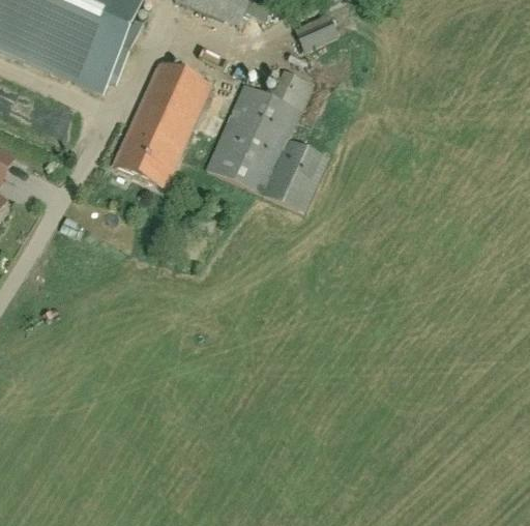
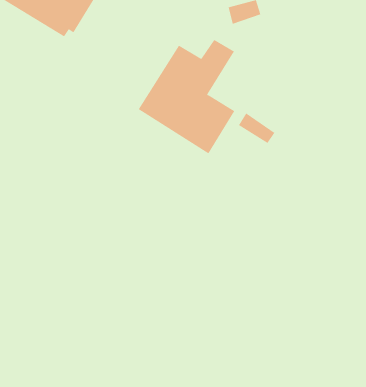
building: [114,62,210,187] -> none
building: none -> [238,112,275,144]

